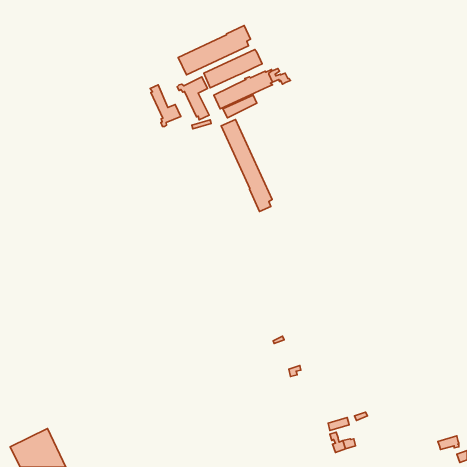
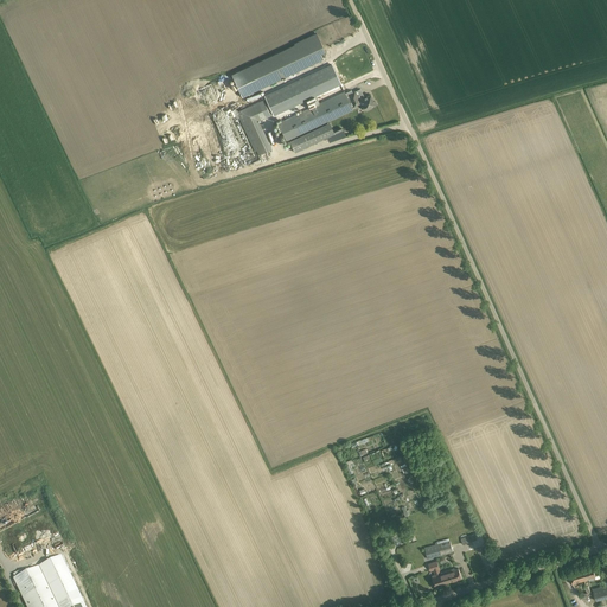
building: [150,85,181,126] -> none
building: [221,119,272,212] -> none

